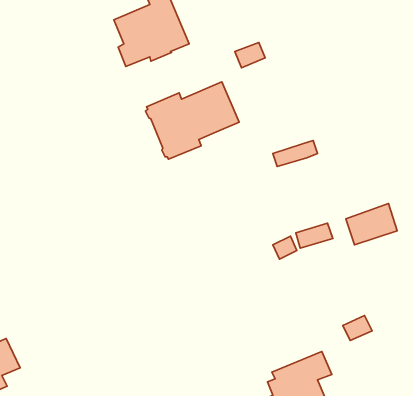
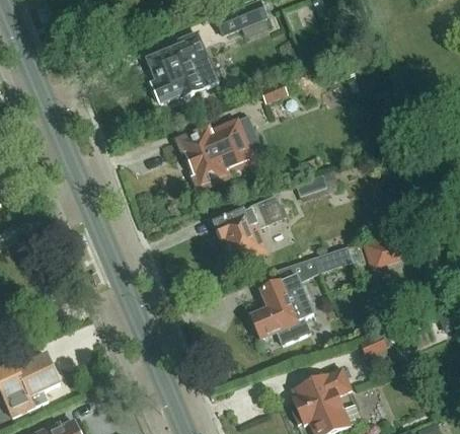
building: none -> [214,197,284,264]
building: none -> [249,274,313,345]

